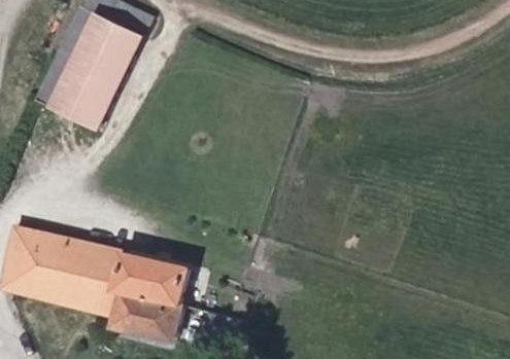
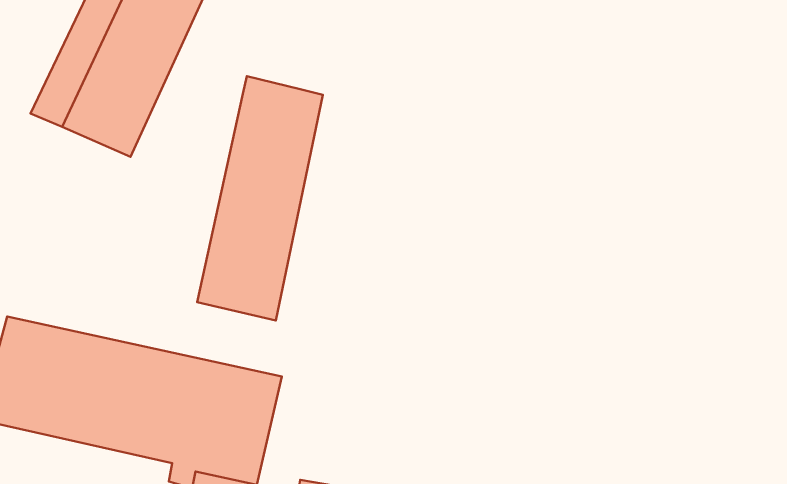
building: none -> [197,76,323,321]

